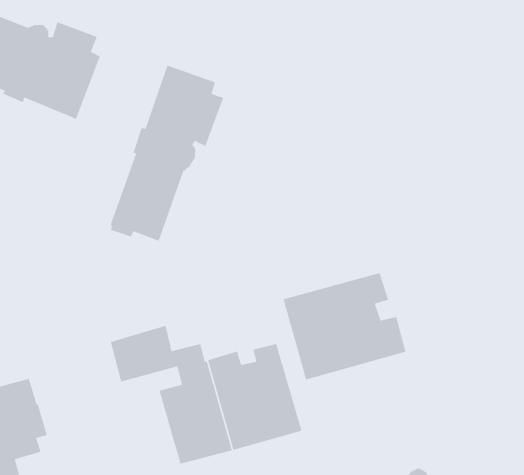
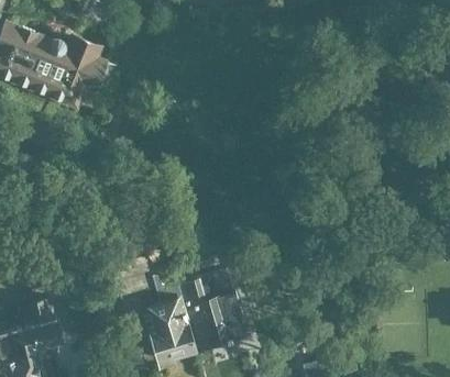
building: [110,64,224,242] -> none
building: [282,272,406,381] -> none

